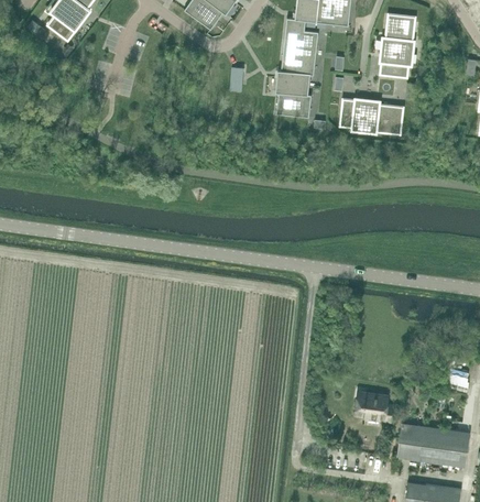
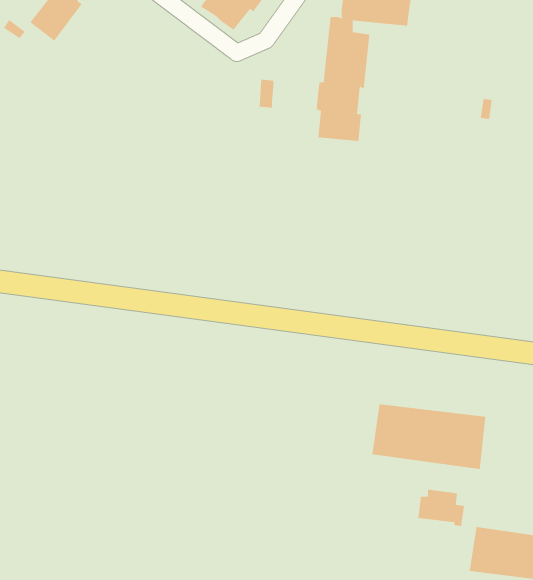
building: [380,14,415,77] -> none
building: [340,99,403,134] -> none
building: none -> [372,403,486,470]

